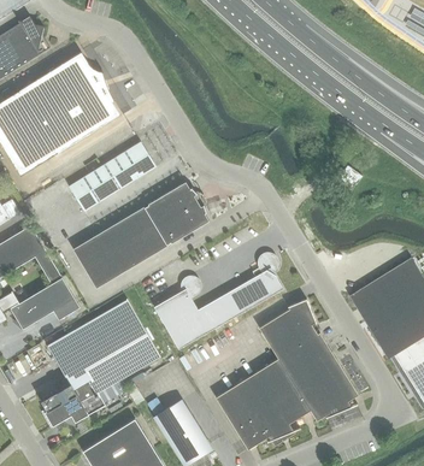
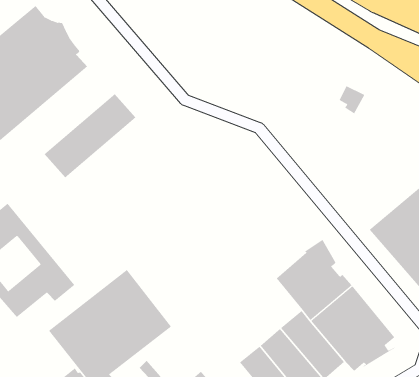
building: [72,182,208,288] -> none
building: [154,253,283,349] -> none

